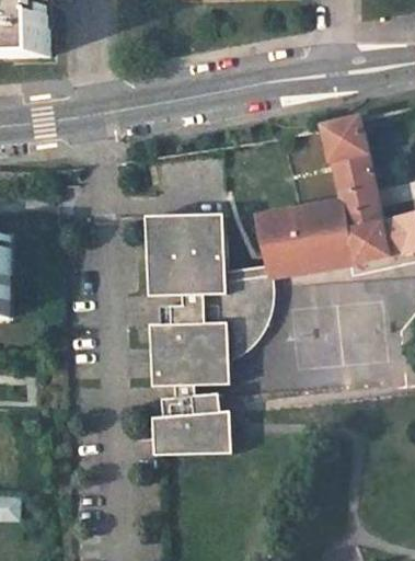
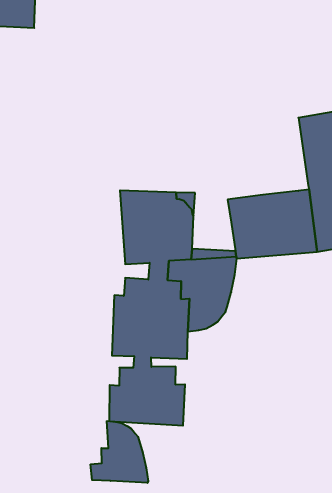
building: none -> [91,421,148,483]

